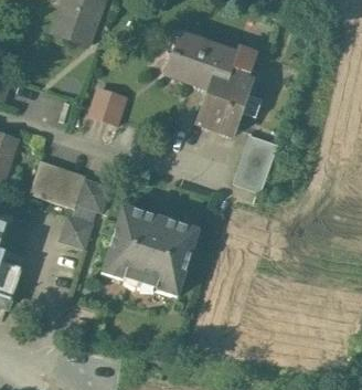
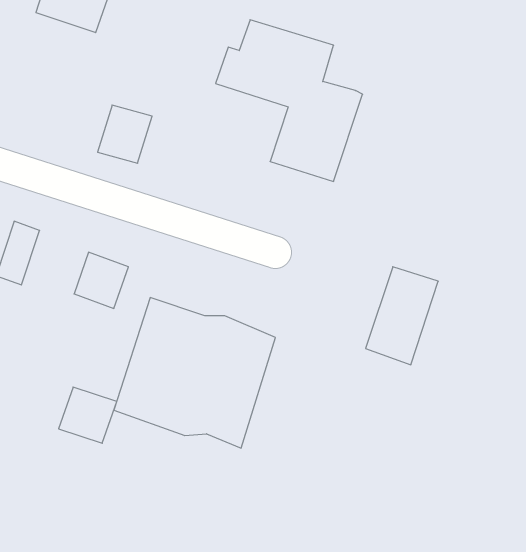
building: [227,43,256,78] -> none
building: [232,134,276,193] -> [366,267,438,365]
building: [44,164,86,207] -> none
building: [58,214,94,249] -> [59,387,117,443]

